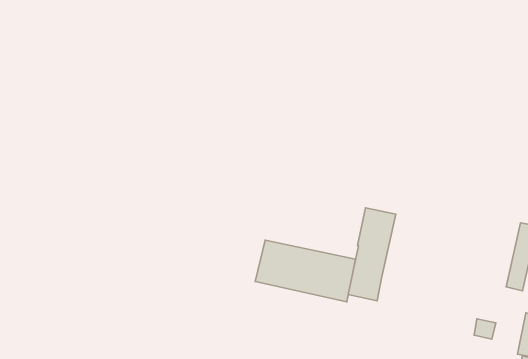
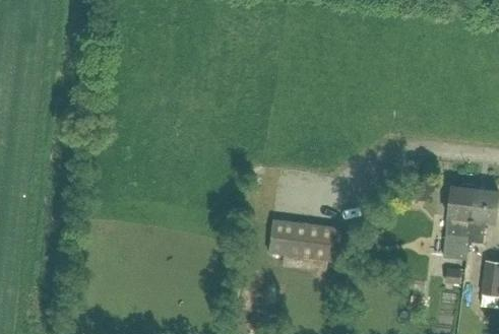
building: [348,208,396,301] -> [443,186,476,259]

